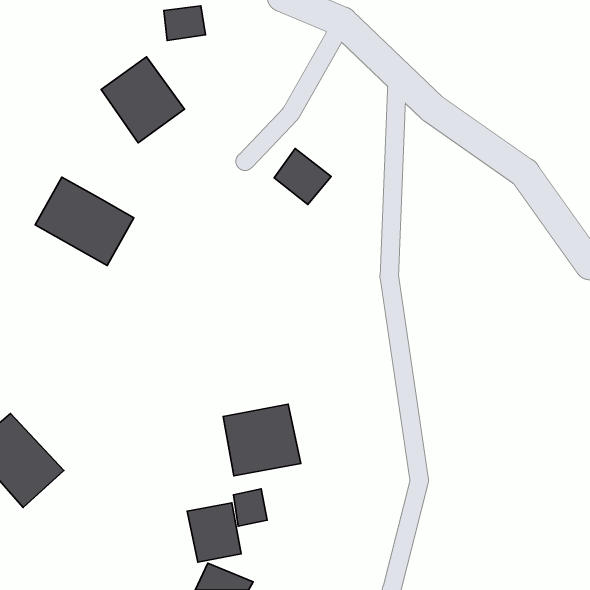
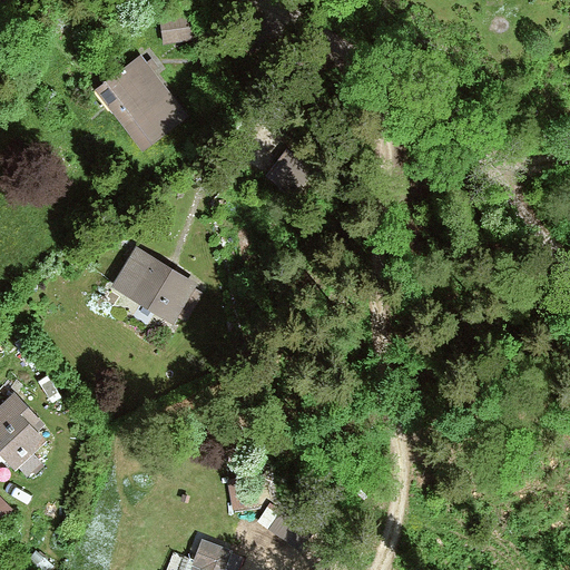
building: [35,177,134,266] -> [108,248,203,333]
building: [223,404,301,476] -> none
building: [187,503,241,562] -> none

